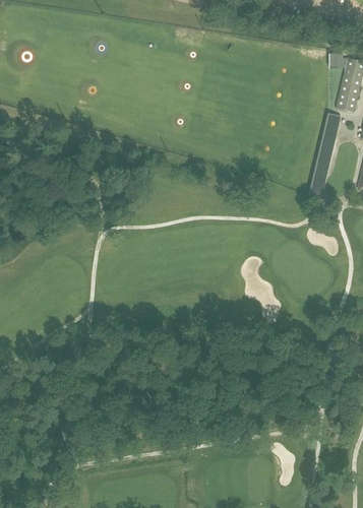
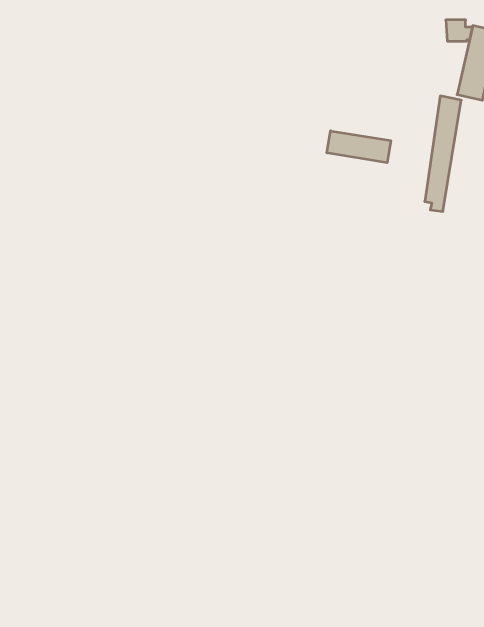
building: none -> [327,131,391,163]

